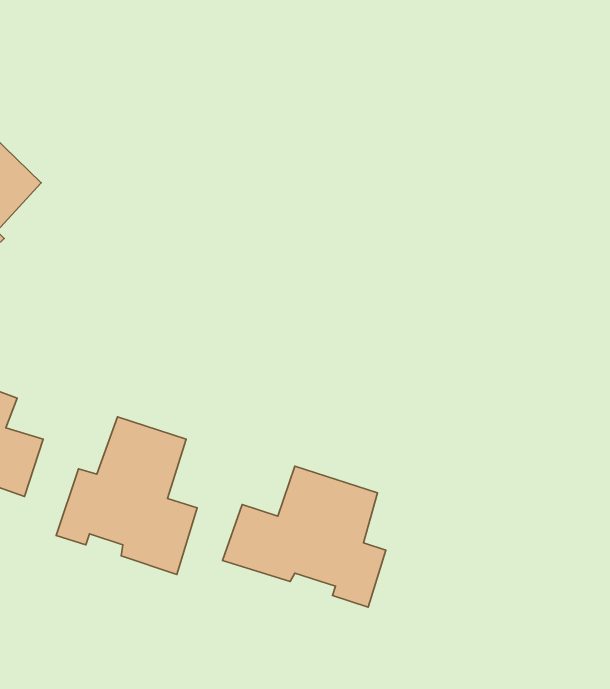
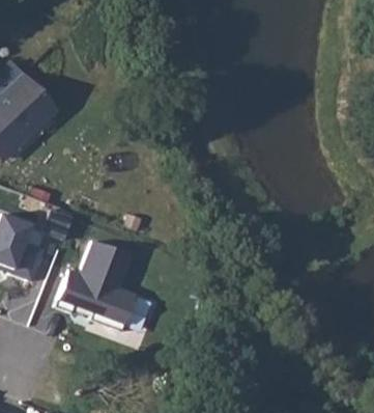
building: [223,466,386,607] -> none

